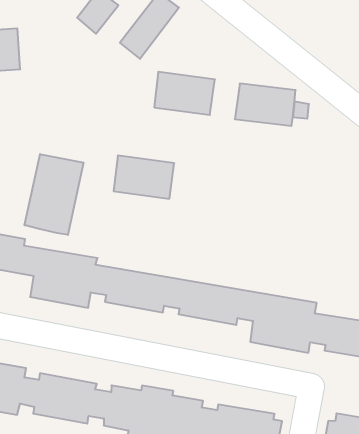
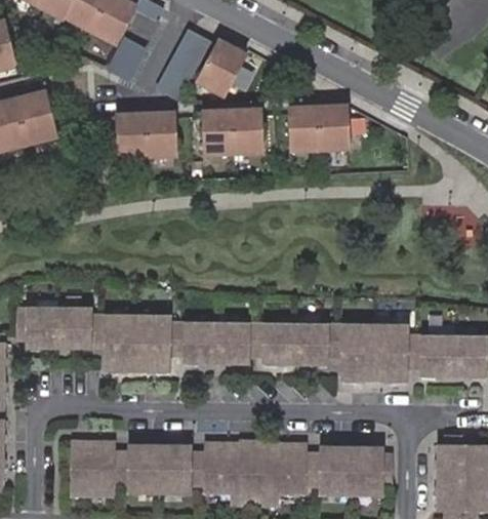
building: none -> [196,42,246,96]
building: [24,154,84,235] -> none
building: [114,156,174,199] -> [114,114,175,154]

